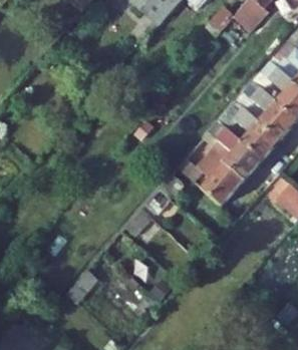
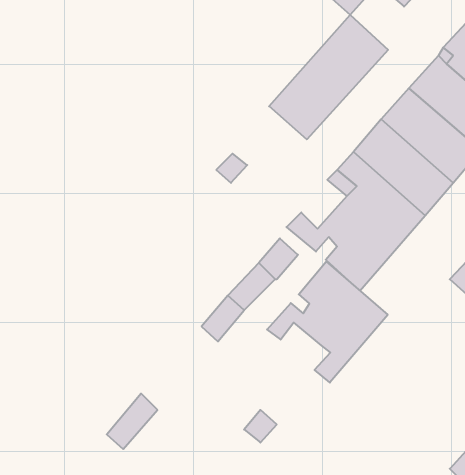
building: none -> [269,15,388,139]
building: none -> [267,261,388,383]

